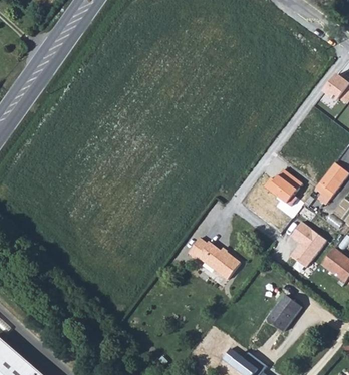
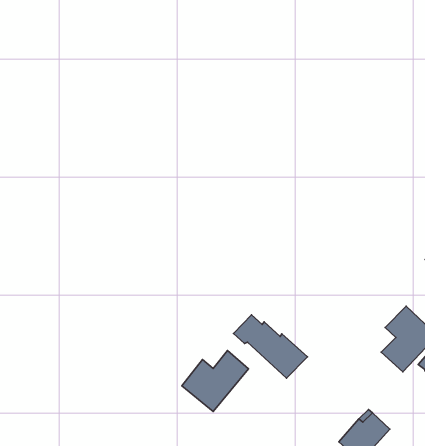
building: [263,165,305,209] -> none
building: none -> [182,351,248,411]

